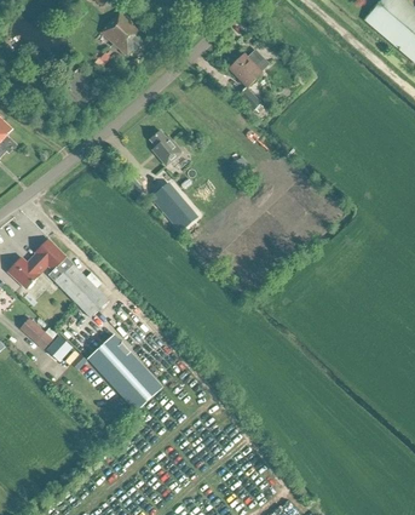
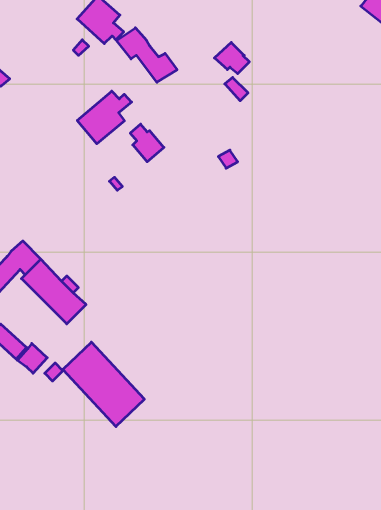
building: none -> [117,28,177,82]
building: none -> [77,91,132,144]
building: [151,184,196,231] -> none

